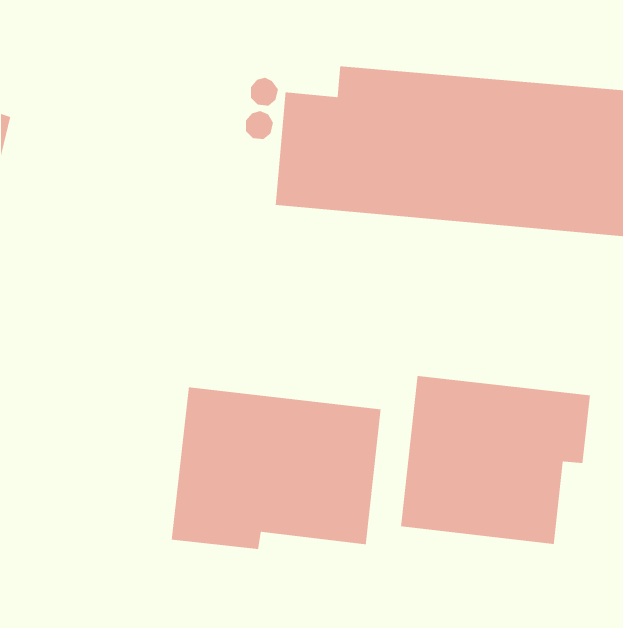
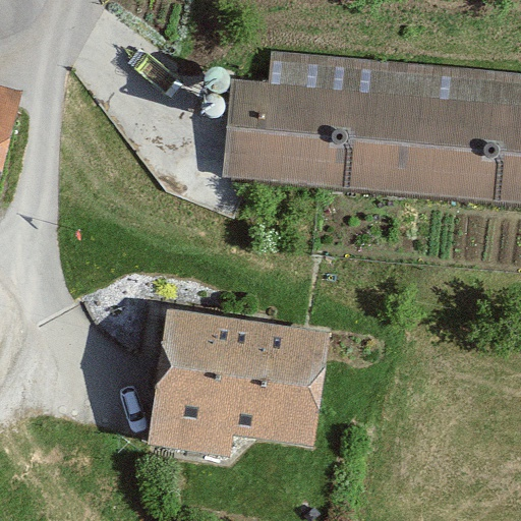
building: [400,375,591,545] -> none

